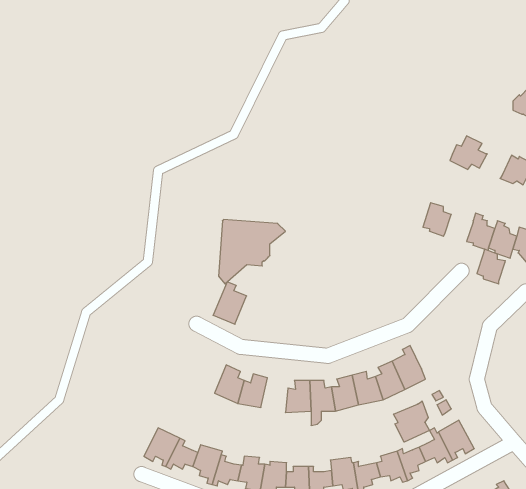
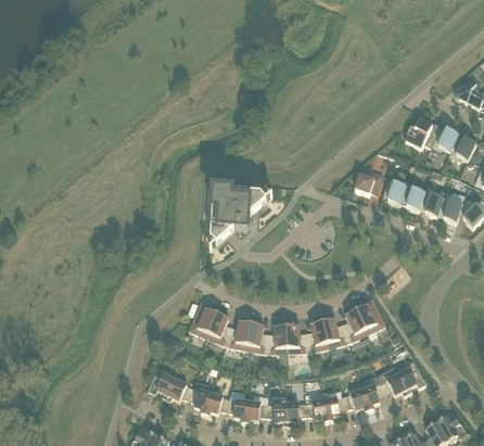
building: none -> [431,126,459,151]
building: none -> [355,168,383,193]
building: [477,249,505,284] -> [402,180,425,209]
building: [213,282,247,324] -> [189,300,217,335]
building: none -> [246,322,269,352]
building: [394,401,429,442] -> none

